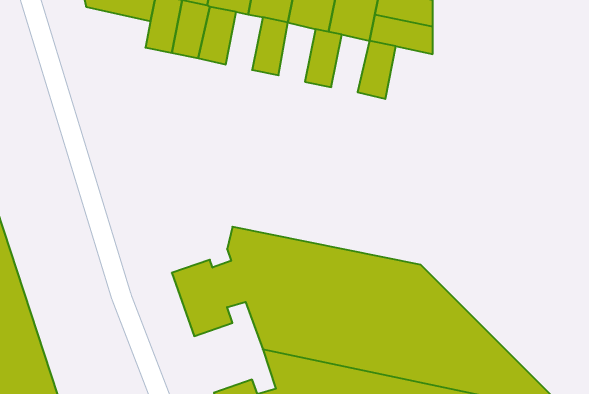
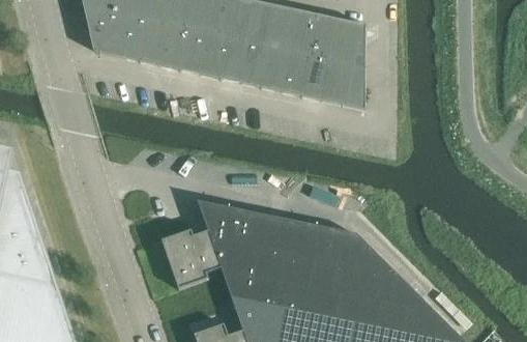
building: none -> [92,28,143,60]
building: none -> [202,32,231,78]
building: none -> [243,40,272,87]
building: none -> [285,50,315,95]
building: none -> [327,59,364,108]

